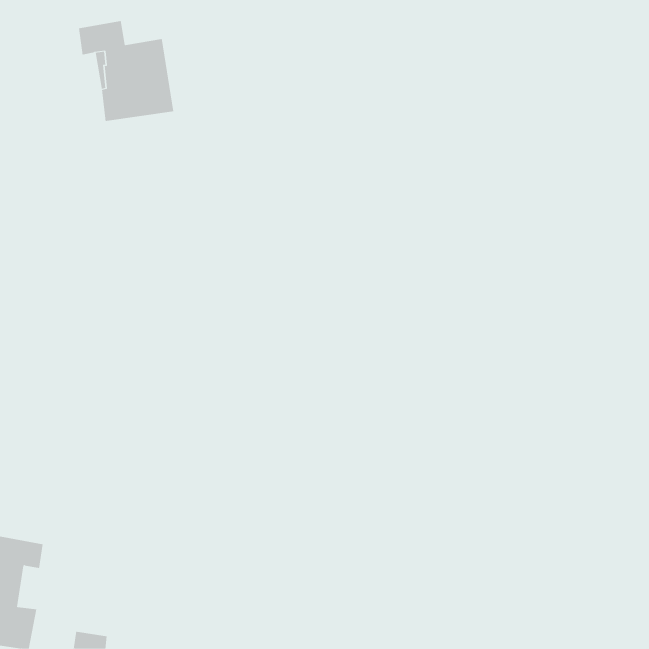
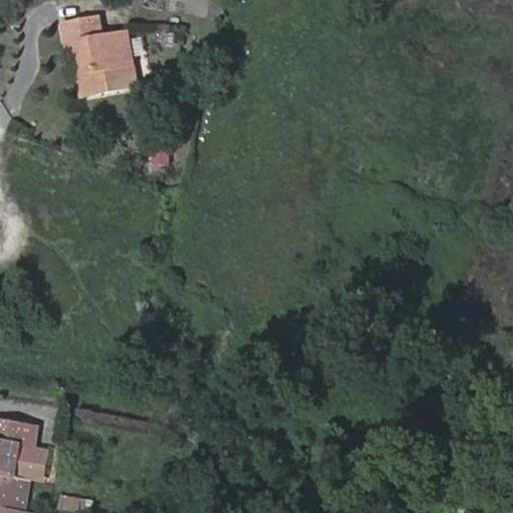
building: none -> [14,443,47,479]

